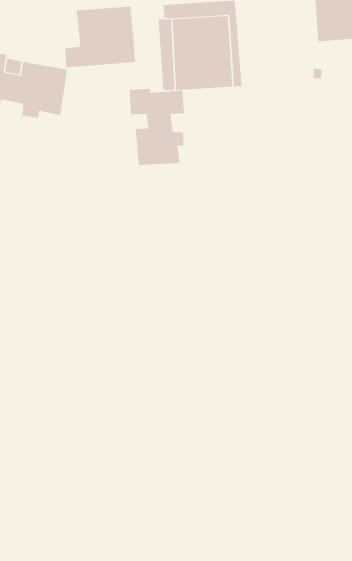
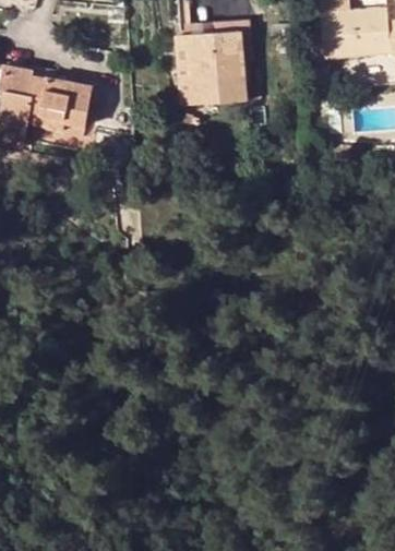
building: [65,6,136,68] -> none
building: [129,88,184,166] -> none

